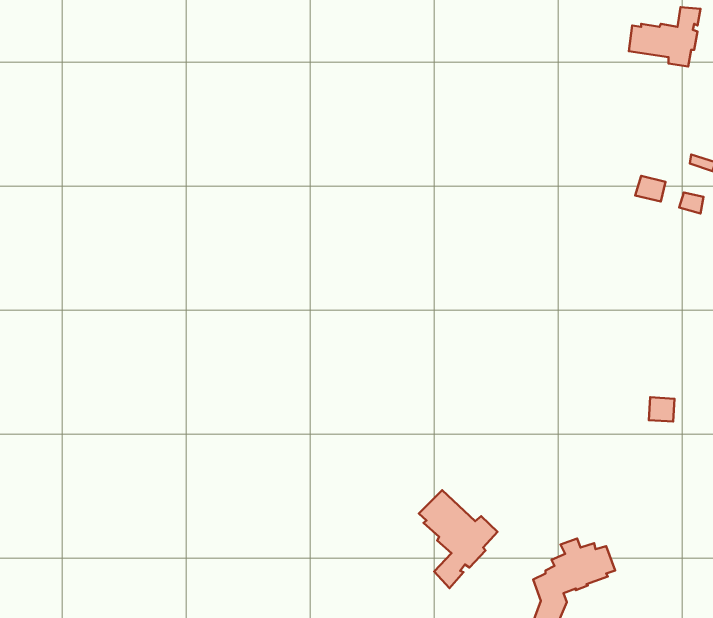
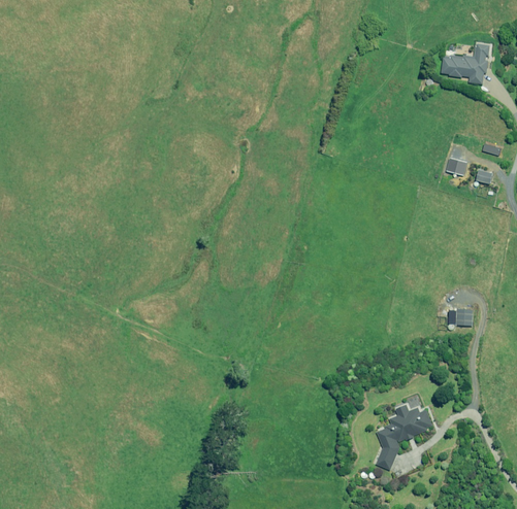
building: [419,490,498,588] -> none

